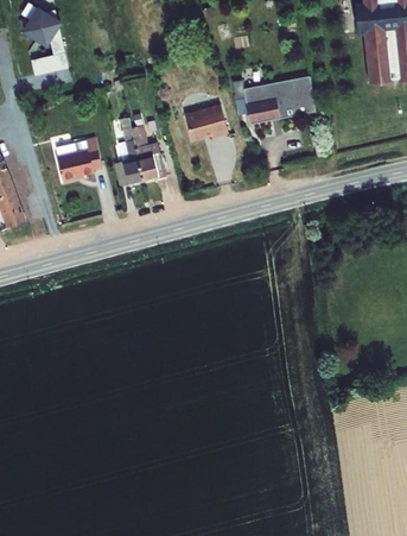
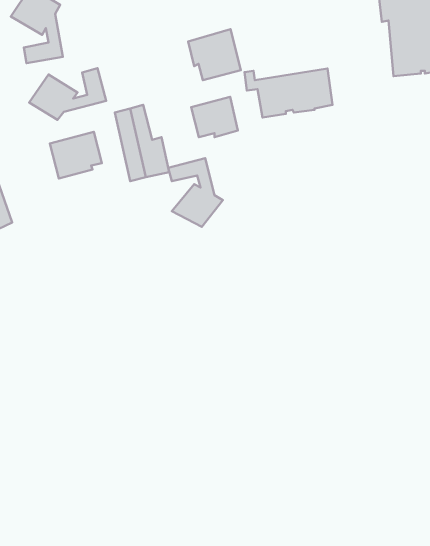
building: none -> [188,29,241,80]
building: none -> [29,68,106,120]
building: none -> [168,158,223,227]

